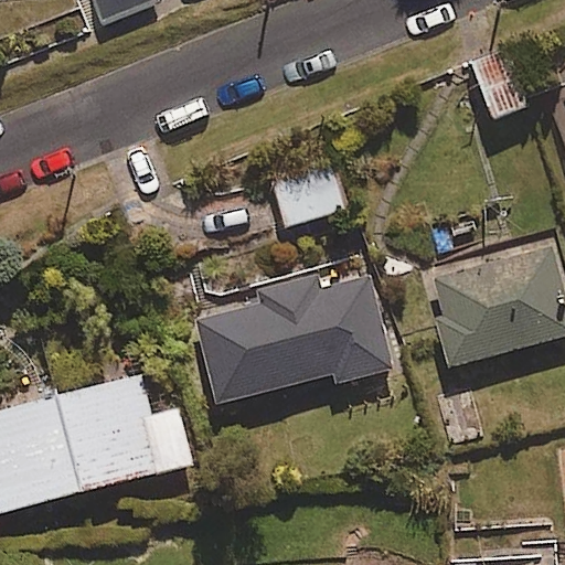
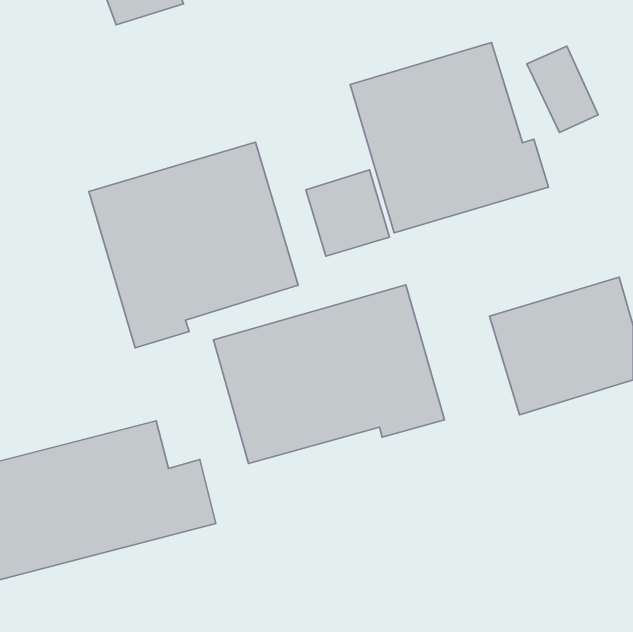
building: none -> [350,42,548,233]
building: none -> [89,142,298,348]

